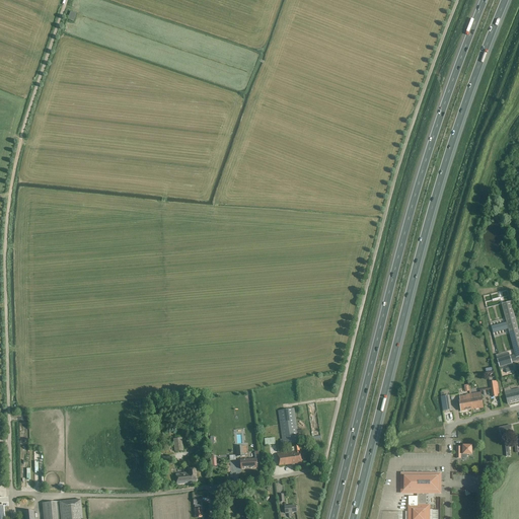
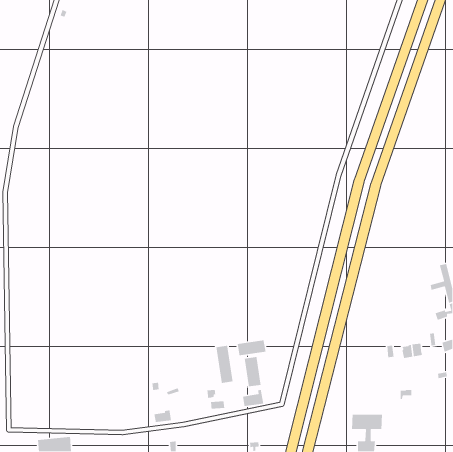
building: none -> [237,339,266,356]
building: none -> [215,345,233,384]

